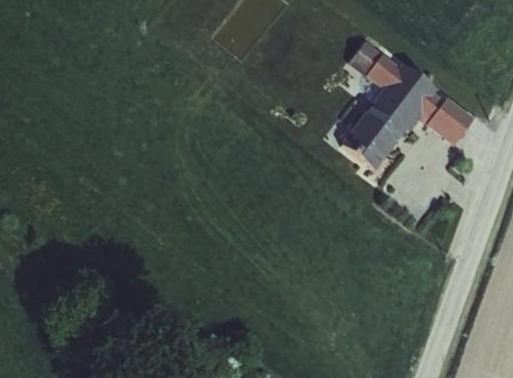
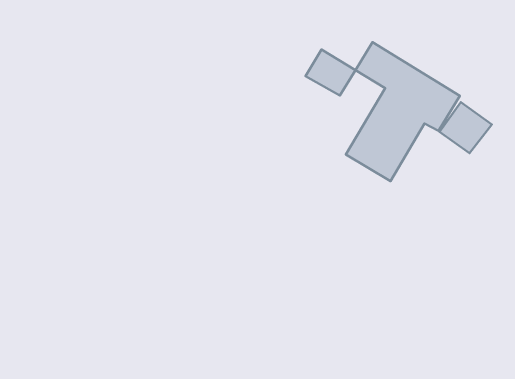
building: none -> [306,49,355,96]

